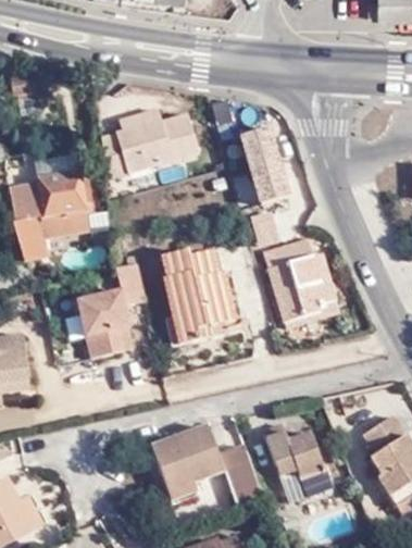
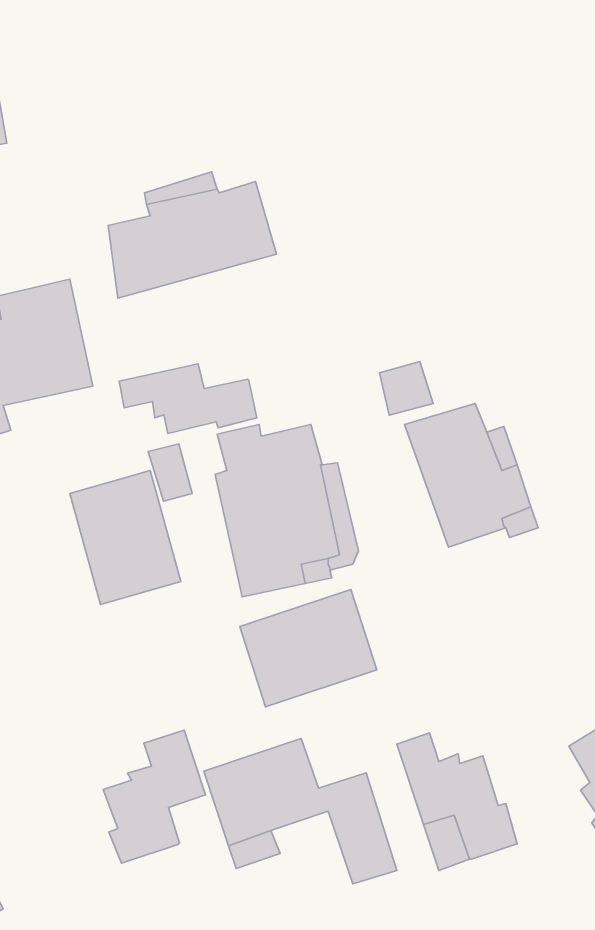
building: [246,117,289,197] -> none
building: none -> [119,364,257,433]
building: none -> [240,589,377,707]
building: none -> [103,730,206,863]

